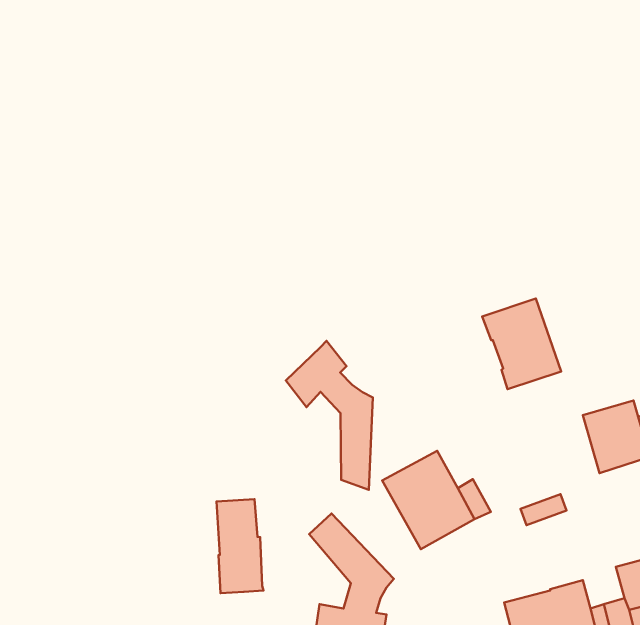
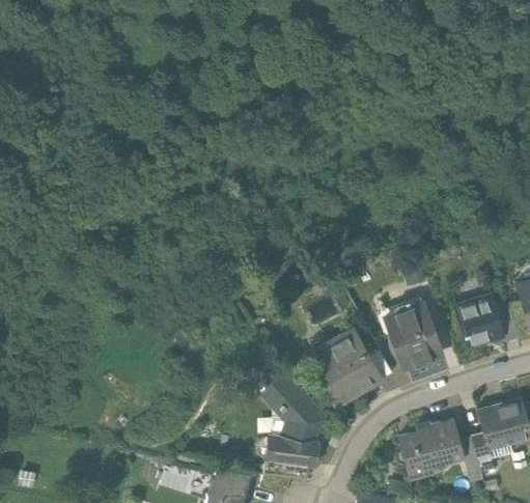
building: [482,299,561,389] -> [386,305,441,368]
building: [286,341,373,490] -> none
building: [217,499,263,593] -> none

